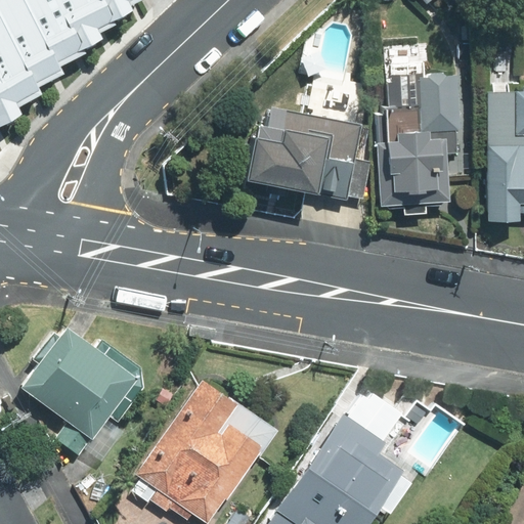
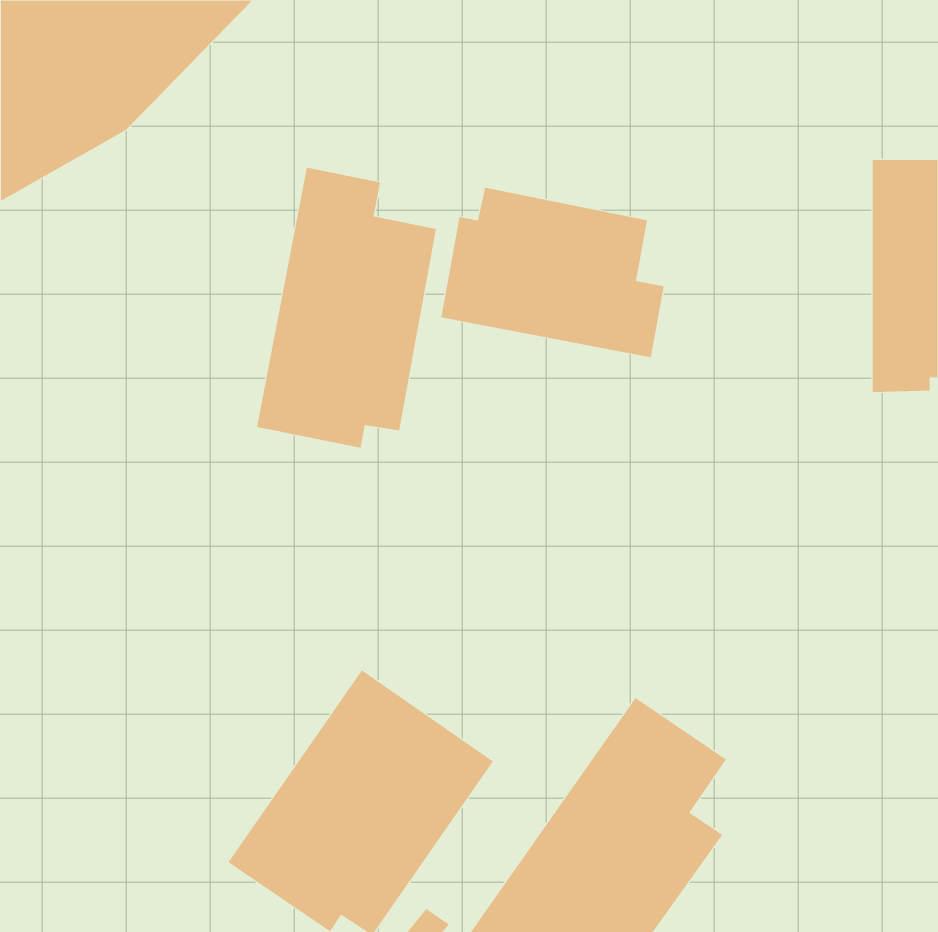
building: [374,72,461,216] -> none
building: none -> [257,167,437,449]
building: [28,331,143,455] -> none

